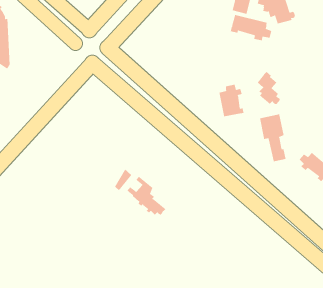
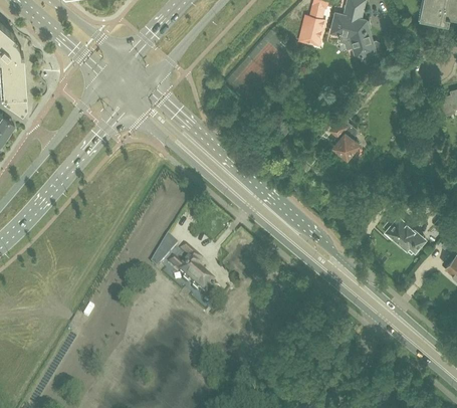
building: [230,14,272,41] -> none
building: [219,84,244,117] -> none
building: [259,113,286,162] -> none

